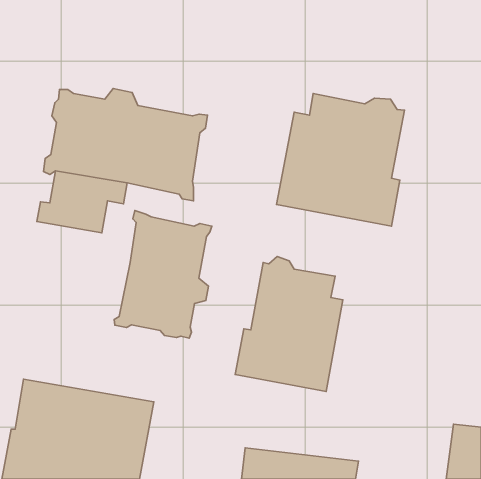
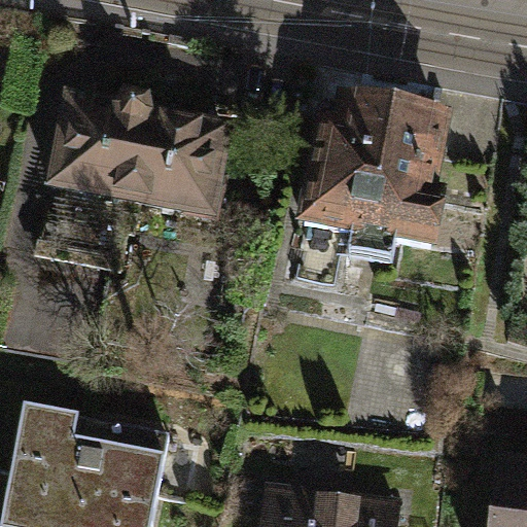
building: [114,210,212,338] -> none
building: [235,256,343,392] -> none

